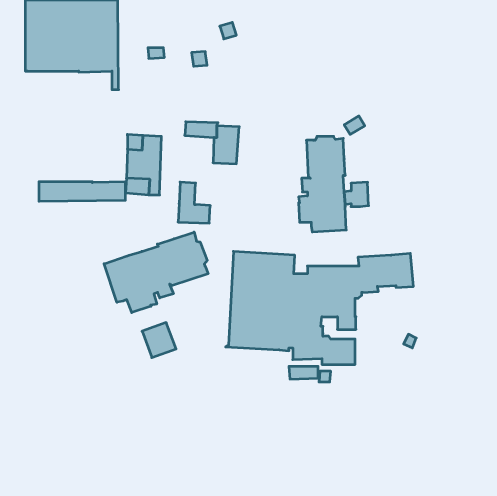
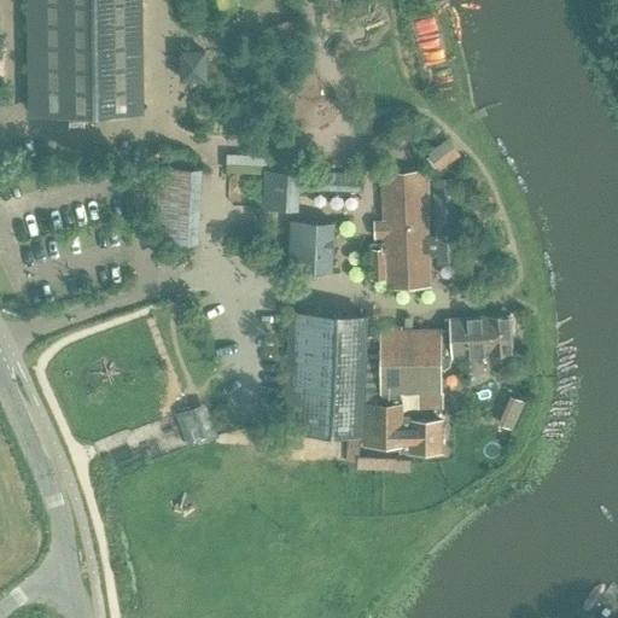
building: [39,182,125,201] -> [31,91,139,115]
building: [178,182,210,223] -> [288,222,328,273]
building: [104,232,208,313] -> none

